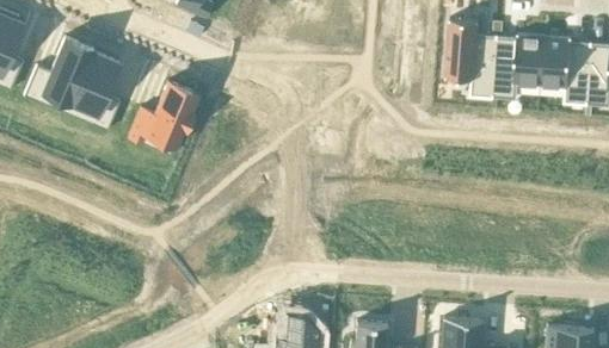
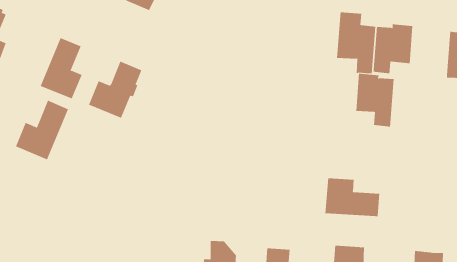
building: [24,37,93,114] -> [15,100,69,160]
building: [542,37,592,106] -> [356,73,395,127]
building: none -> [325,178,381,217]

